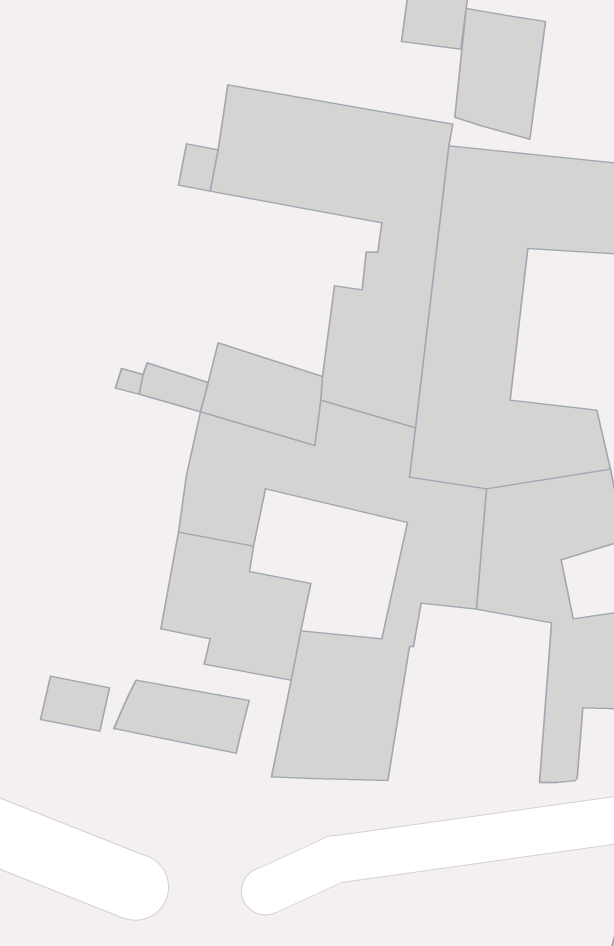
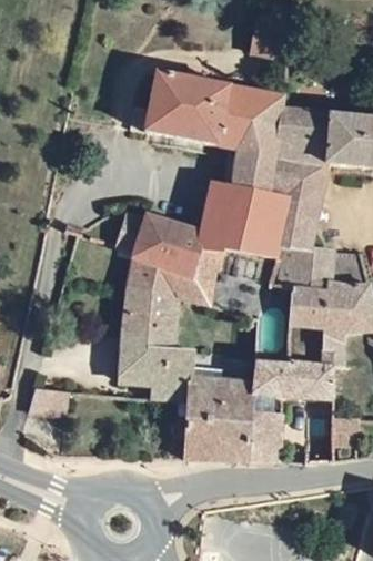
building: [455,8,545,139] -> none
building: none -> [242,360,334,461]
building: [114,680,249,753] -> none

